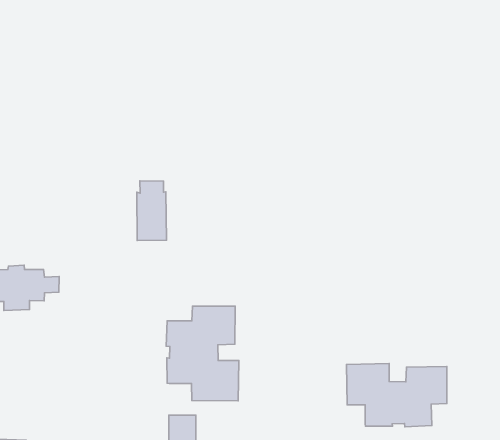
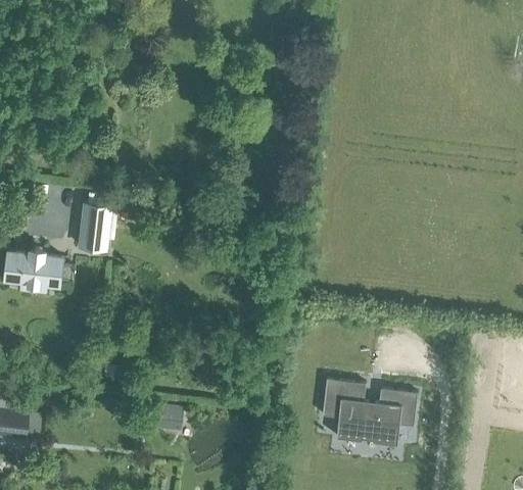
building: [137,181,166,241] -> [79,194,110,251]
building: [166,306,239,401] -> none

